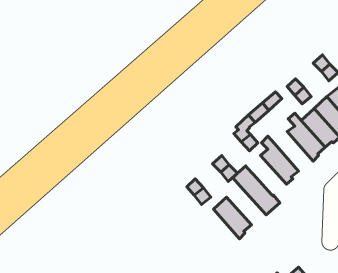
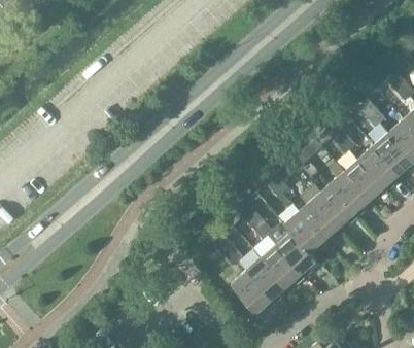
building: none -> [307,182,357,228]
building: none -> [283,210,327,253]
building: none -> [261,244,305,287]
building: none -> [231,270,275,314]

